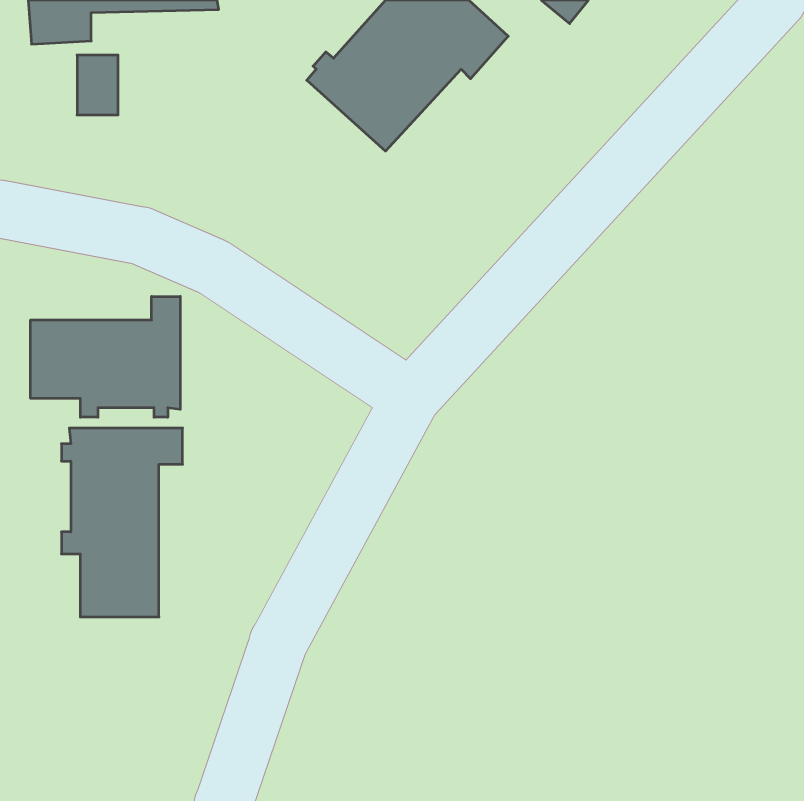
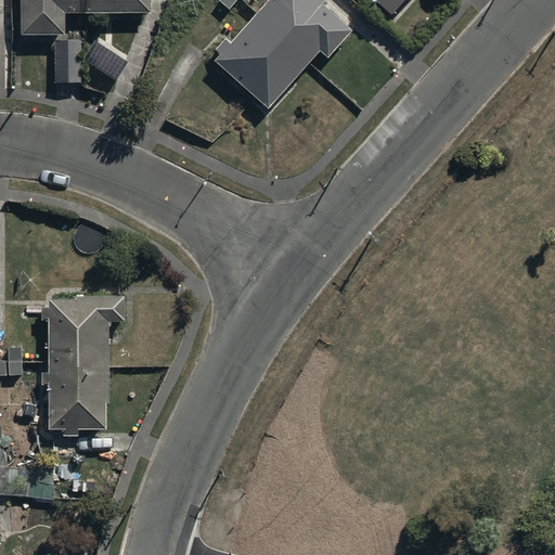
building: [31,296,180,417] -> none

